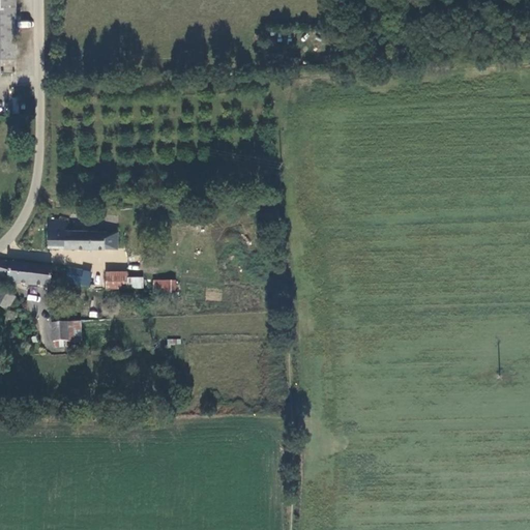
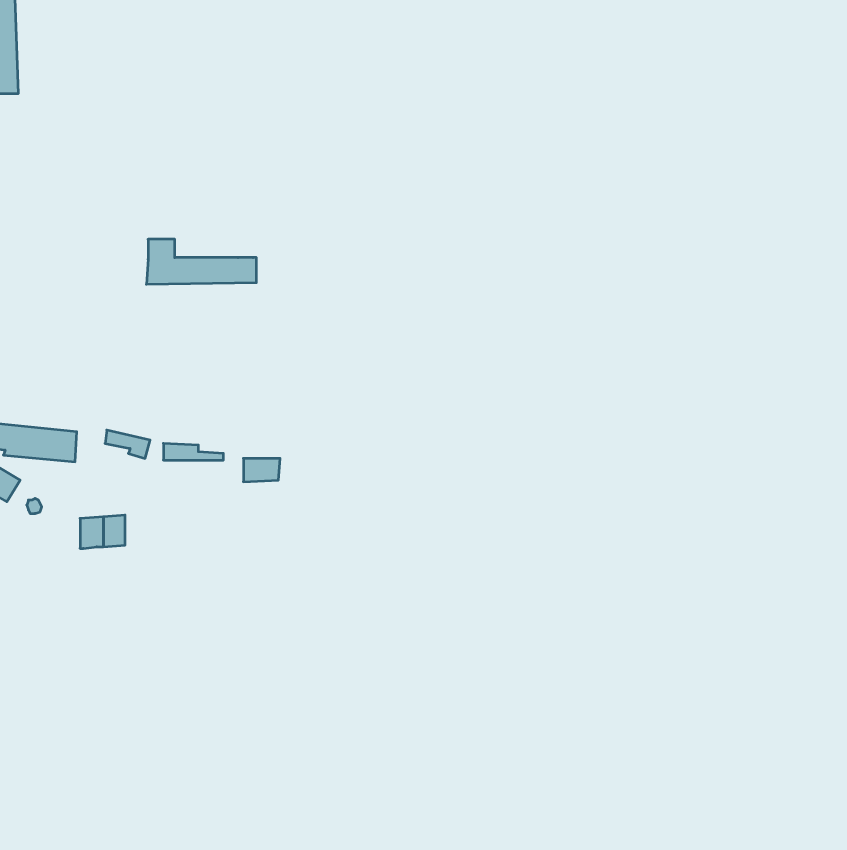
building: [45,219,113,247] -> [146,239,256,284]

